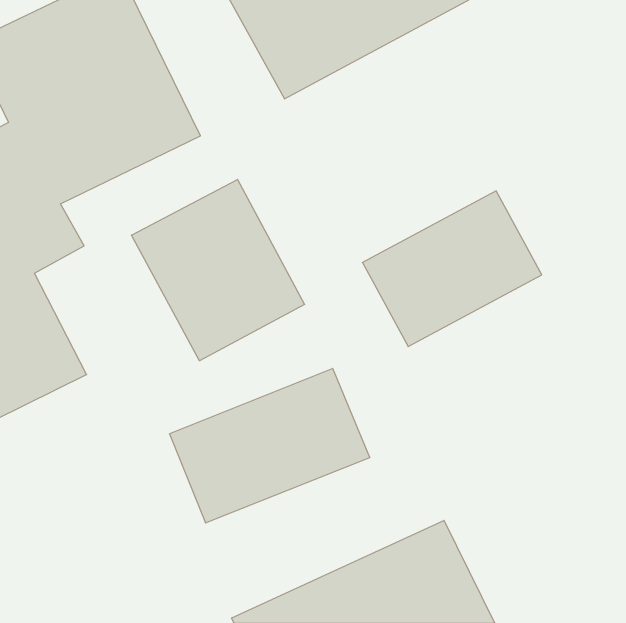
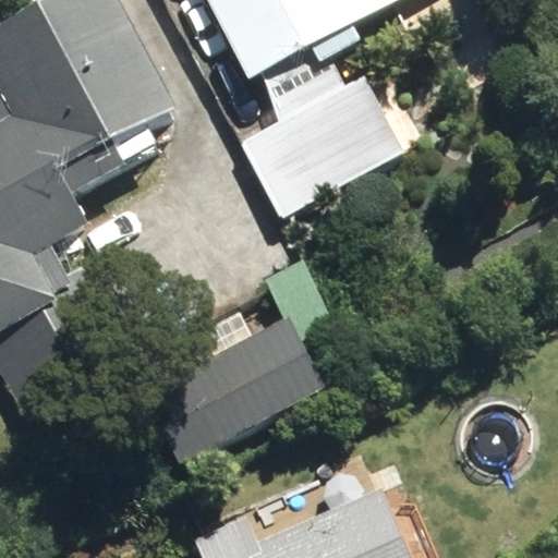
building: [131,179,305,361] -> none
building: [362,191,542,347] -> [243,78,401,216]

